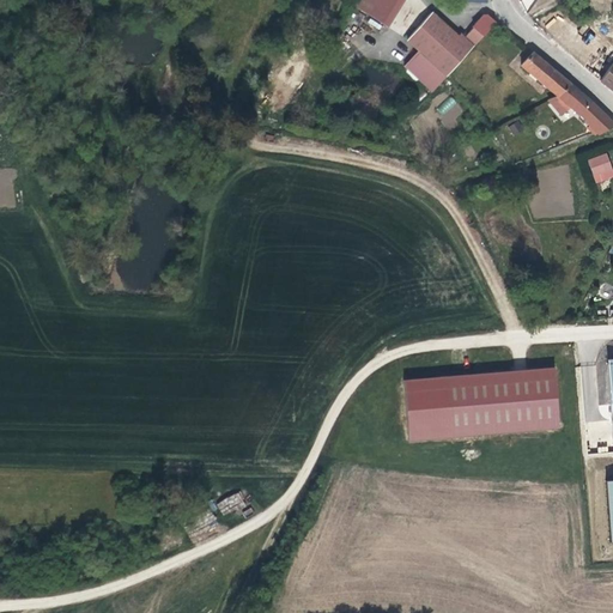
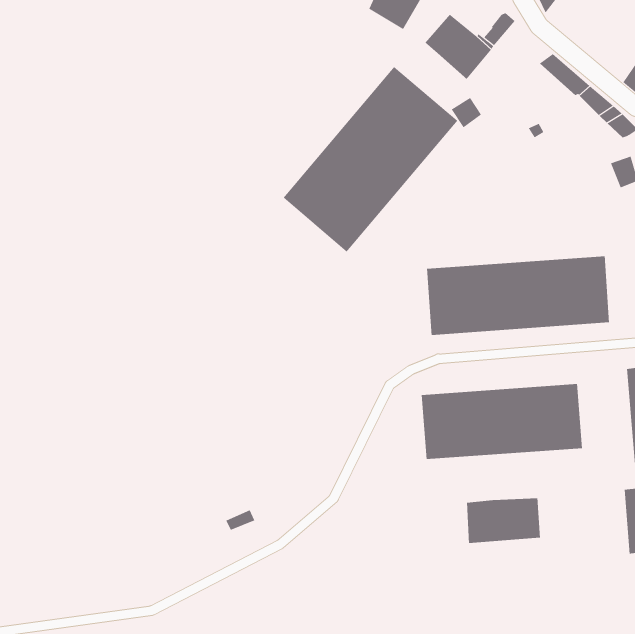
building: [407,51,450,92] -> none
building: none -> [283,66,458,253]
building: none -> [427,256,610,336]
building: none -> [467,498,541,544]

